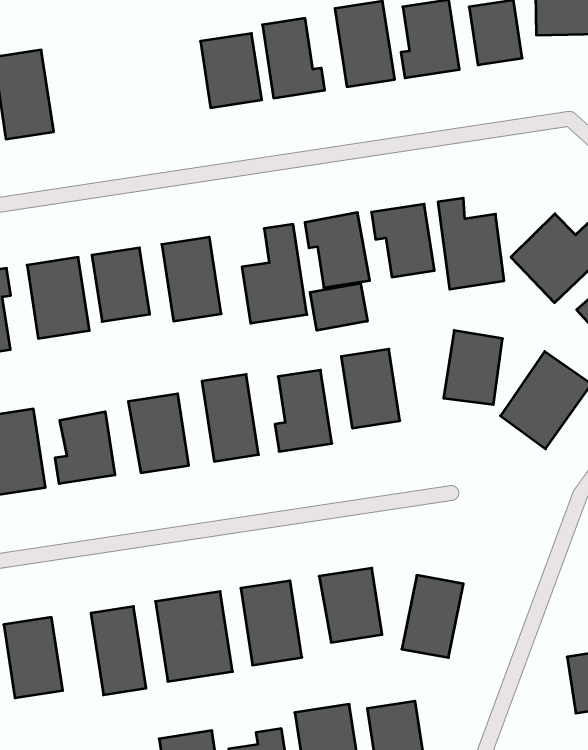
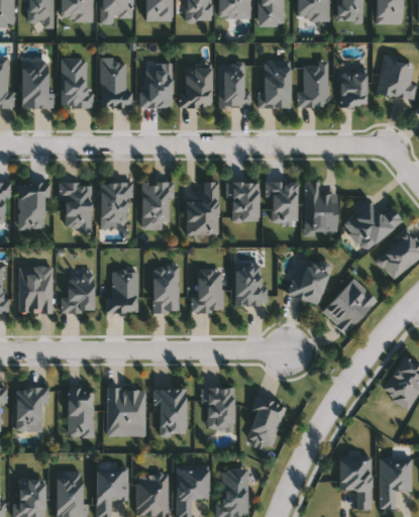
building: none -> [100,60,127,108]
building: none -> [141,70,172,108]
building: [310,283,367,330] -> none

